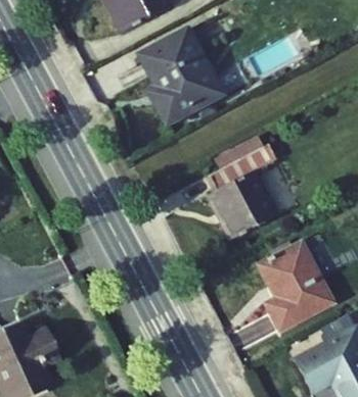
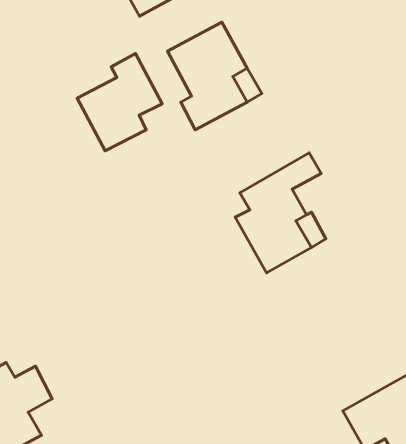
building: none -> [77,54,162,151]
building: [262,243,337,334] -> none

